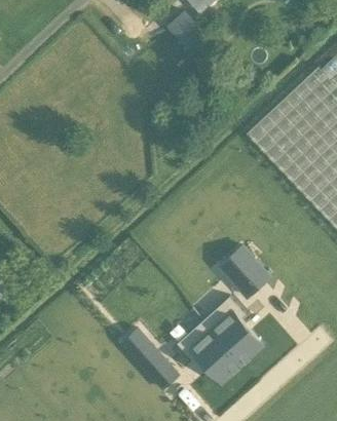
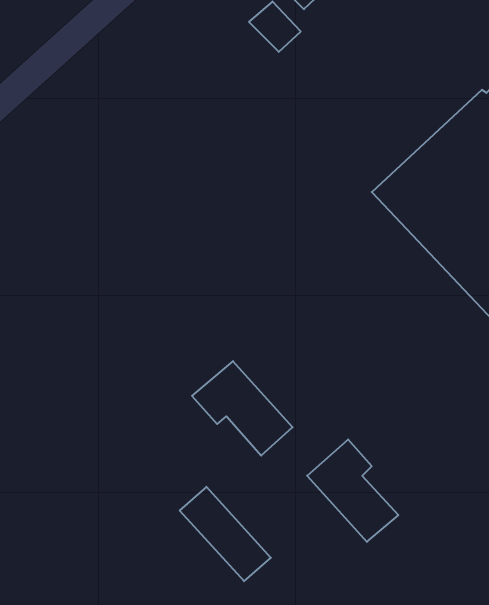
building: [222,245,271,295] -> none
building: [179,318,245,380] -> [192,361,293,456]

